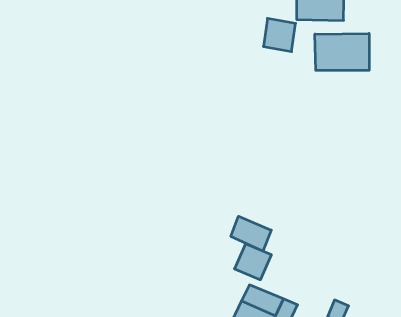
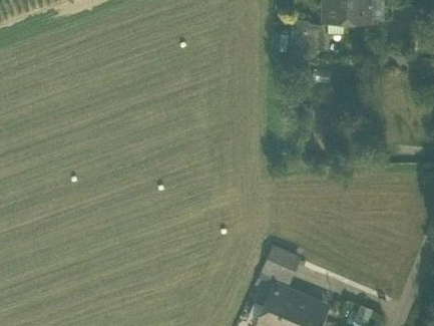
building: [315,33,369,70] -> none
building: [231,216,271,251] -> none

